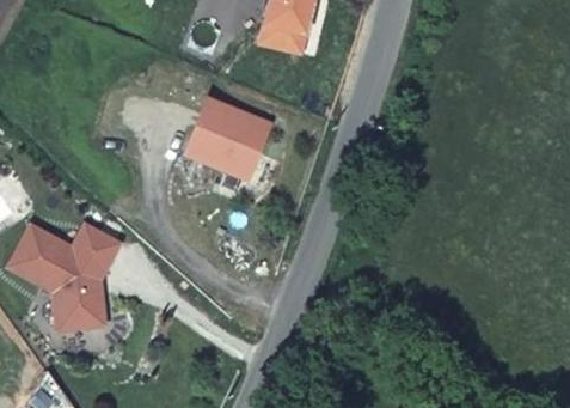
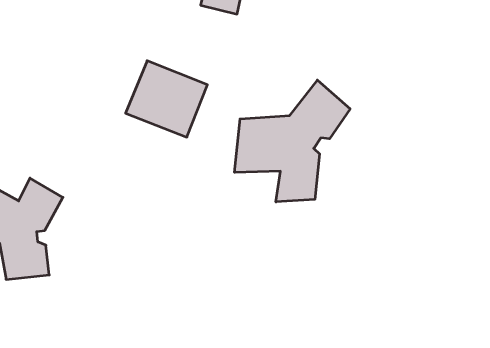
building: none -> [235,80,350,202]

